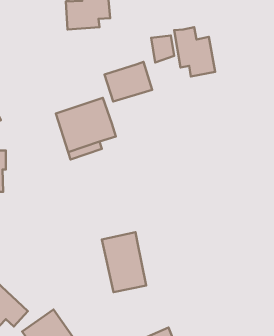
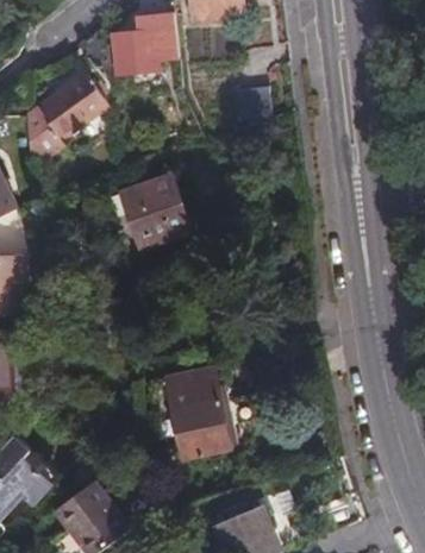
building: [174,27,215,76] -> none
building: none -> [24,76,104,150]
building: [104,62,152,102] -> none

